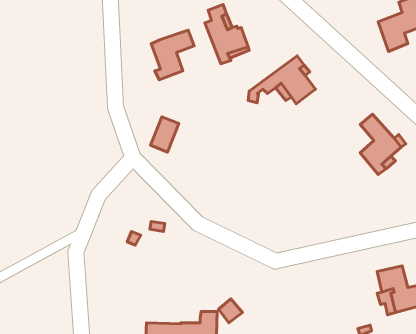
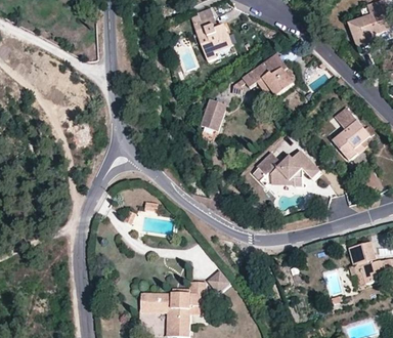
building: [151,30,194,80] -> none
building: [150,117,179,152] -> [200,98,225,130]
building: none -> [253,150,319,186]

